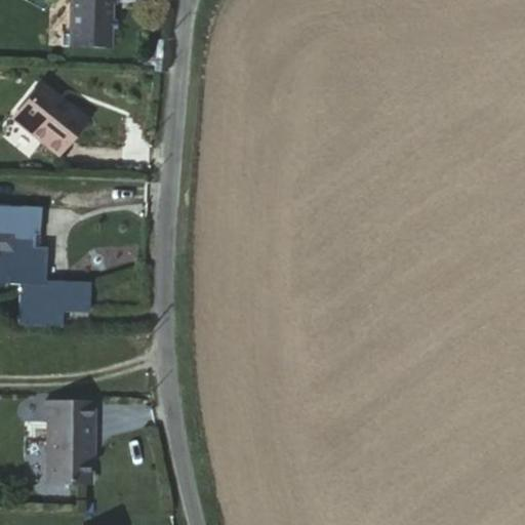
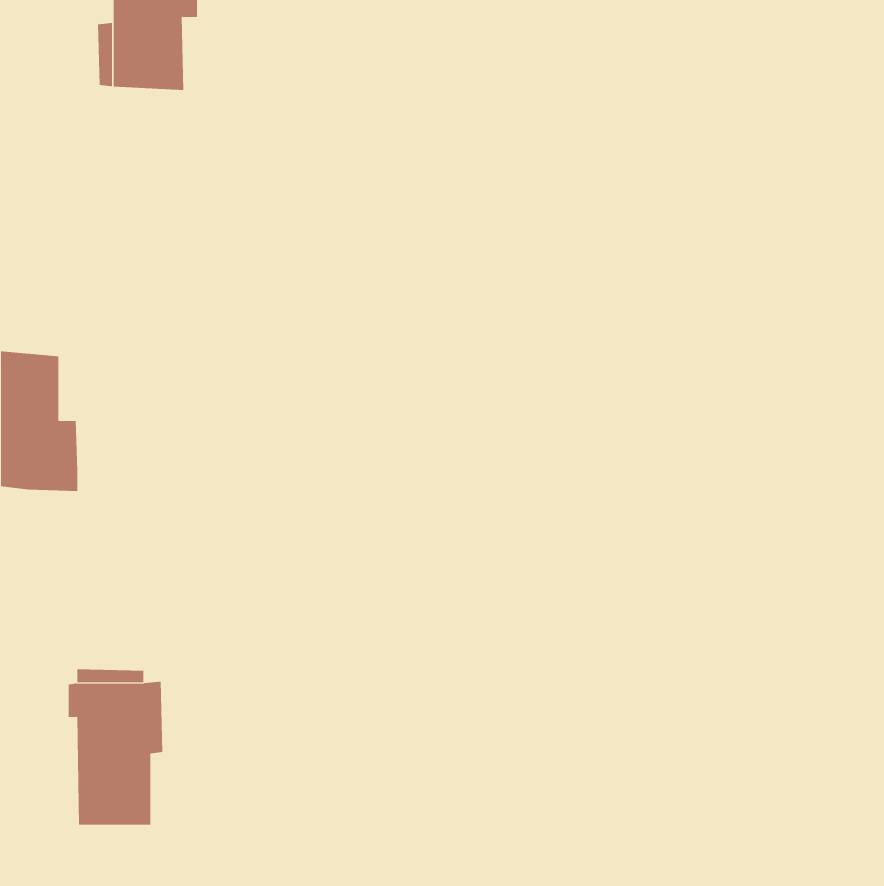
building: [11,83,84,155] -> none
building: [17,278,88,323] -> none

